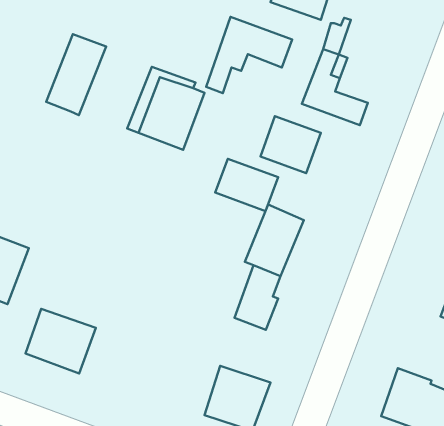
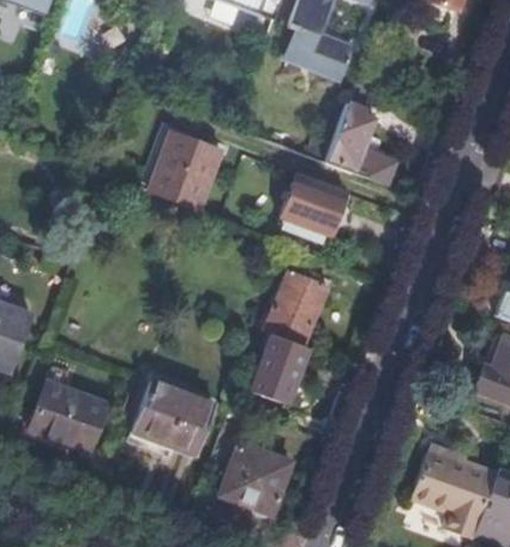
building: [206,17,292,93] -> none
building: [46,34,106,115] -> none
building: [215,159,278,211] -> none
building: none -> [132,382,216,456]

